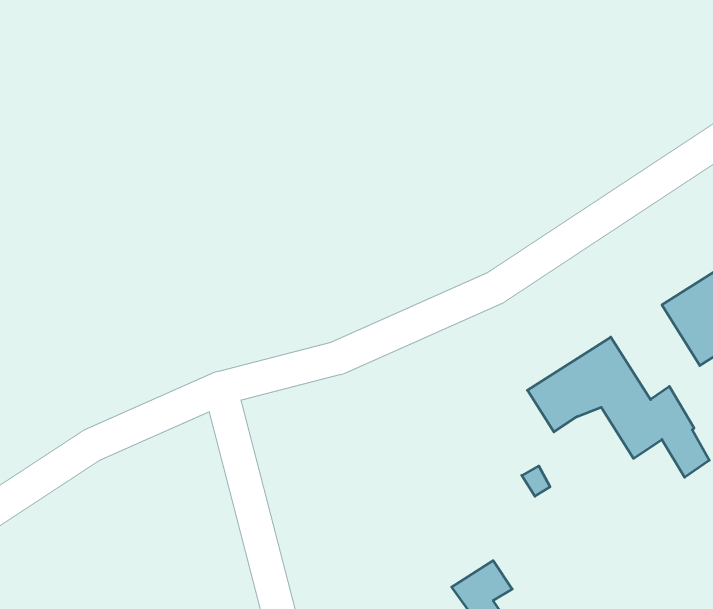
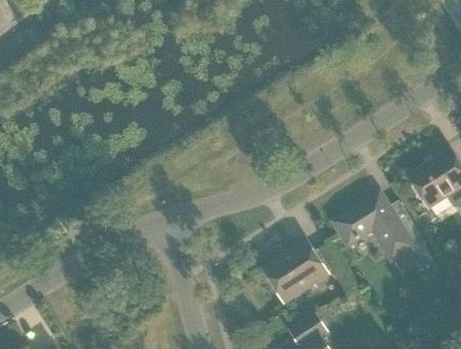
building: none -> [267,241,326,300]

